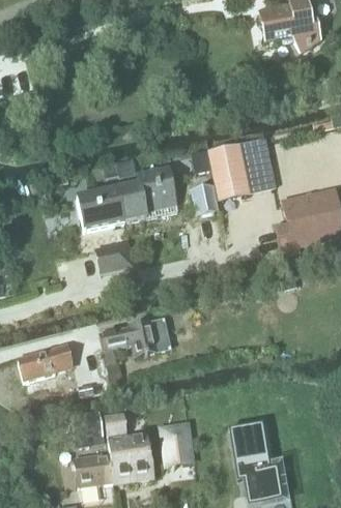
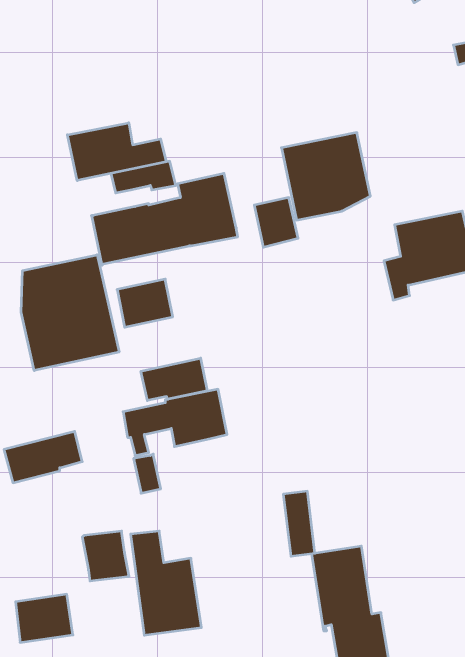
building: none -> [67,123,166,181]
building: none -> [21,255,119,371]
building: none -> [141,358,207,401]
building: [173,421,195,466] -> [283,491,315,556]
building: [75,453,114,486] -> [16,594,73,642]

